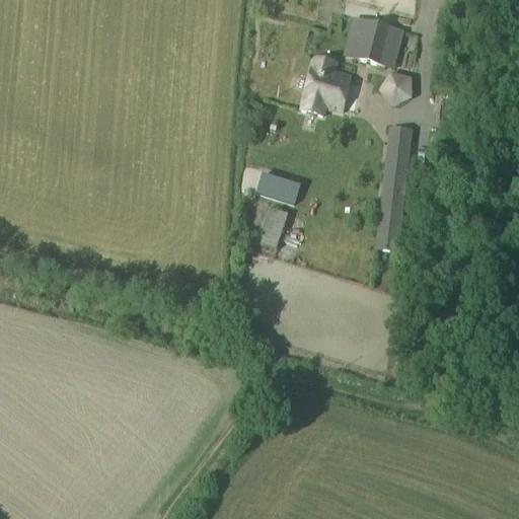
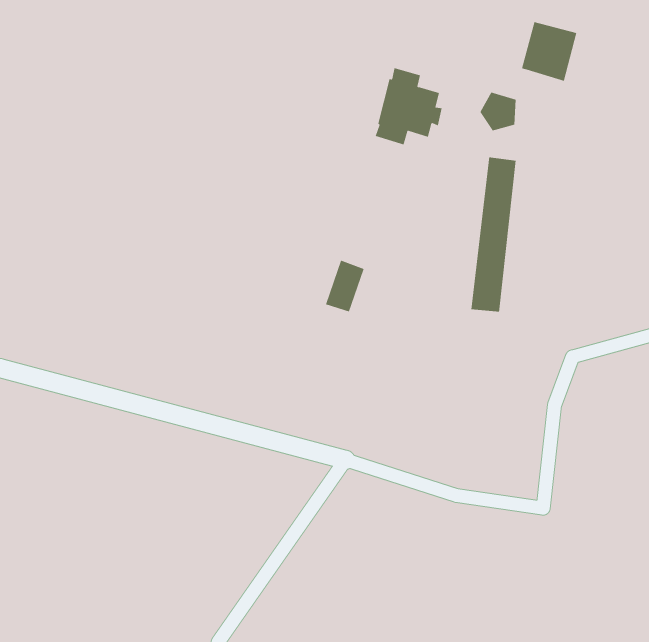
building: [352,17,396,65] -> [521,22,577,81]
building: [260,174,301,204] -> none

